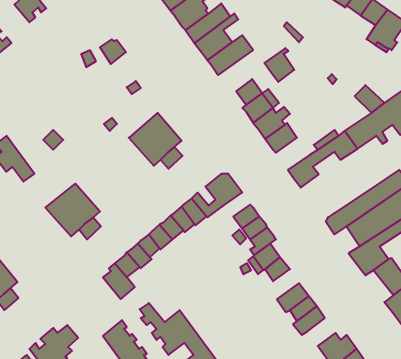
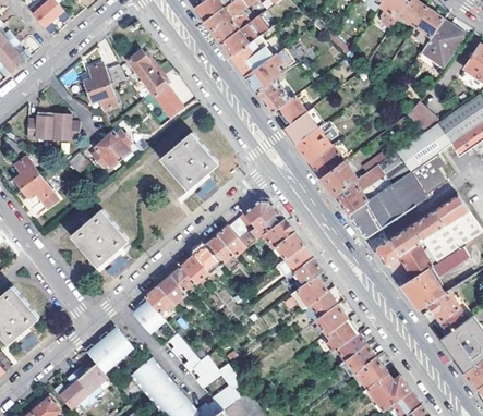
building: [264,48,294,82] -> [258,75,291,112]
building: none -> [83,64,118,112]
building: none -> [141,66,168,98]
building: none -> [26,113,79,140]
building: none -> [90,130,131,168]
building: none -> [349,158,447,237]
building: none -> [322,160,359,195]
building: none -> [263,220,293,249]
building: none -> [314,304,347,338]
building: none -> [85,327,135,374]
building: none -> [355,357,387,388]

